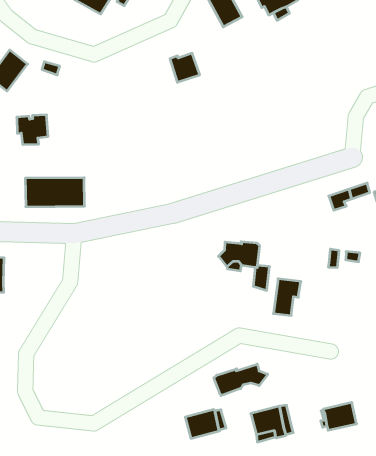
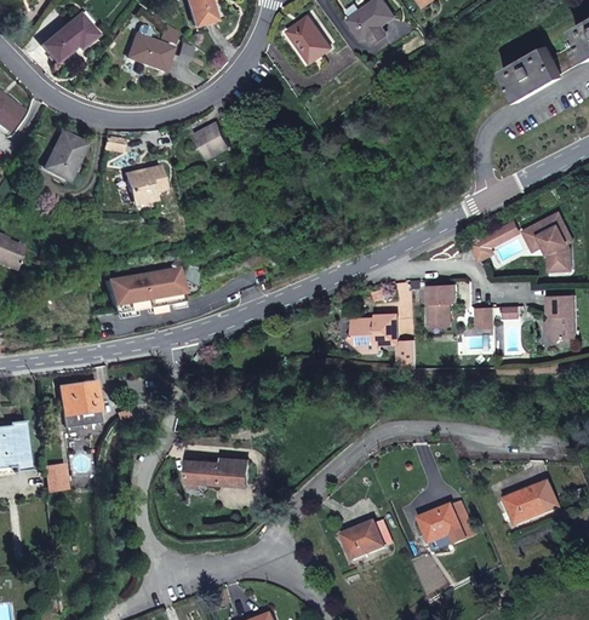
building: [170,53,200,82] -> [194,122,233,160]
building: [17,115,48,144] -> [124,163,165,203]
building: [273,279,301,315] -> [428,282,456,326]
building: none -> [187,457,248,484]
building: [214,364,268,396] -> none

